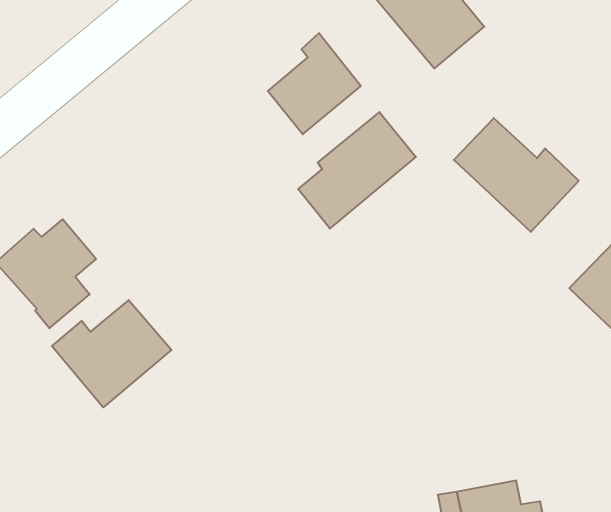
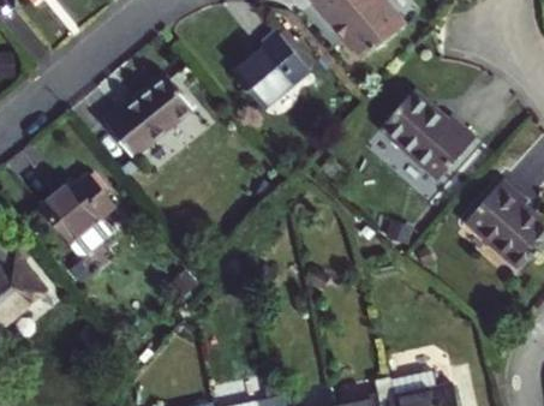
building: none -> [104,77,193,155]
building: [298,112,416,229] -> none
building: [52,300,171,407] -> none

